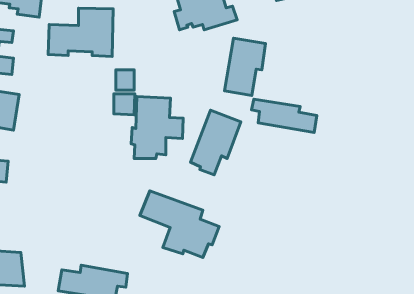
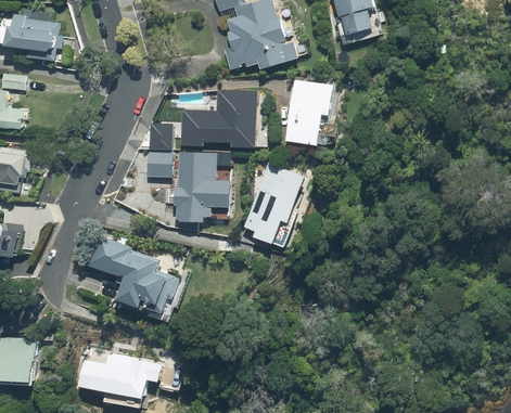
building: [48,8,113,56] -> [181,88,258,145]
building: [251,99,317,133] -> none
building: [140,191,219,258] -> [82,240,177,319]

